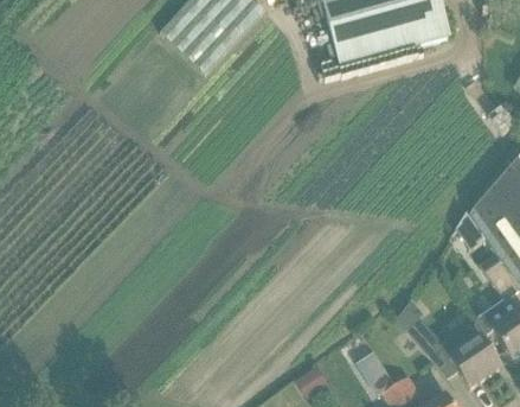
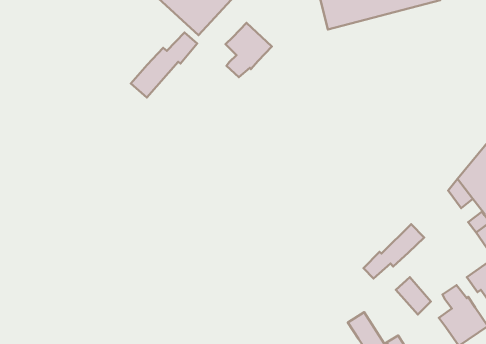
building: none -> [226,23,272,77]
building: none -> [131,33,197,98]
building: none -> [363,224,424,278]

